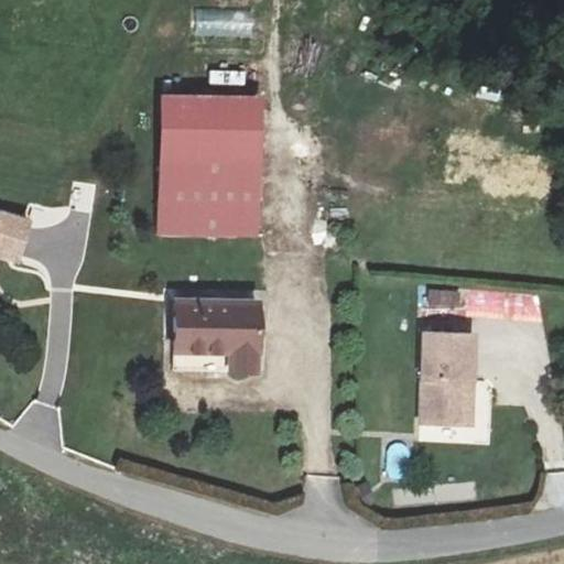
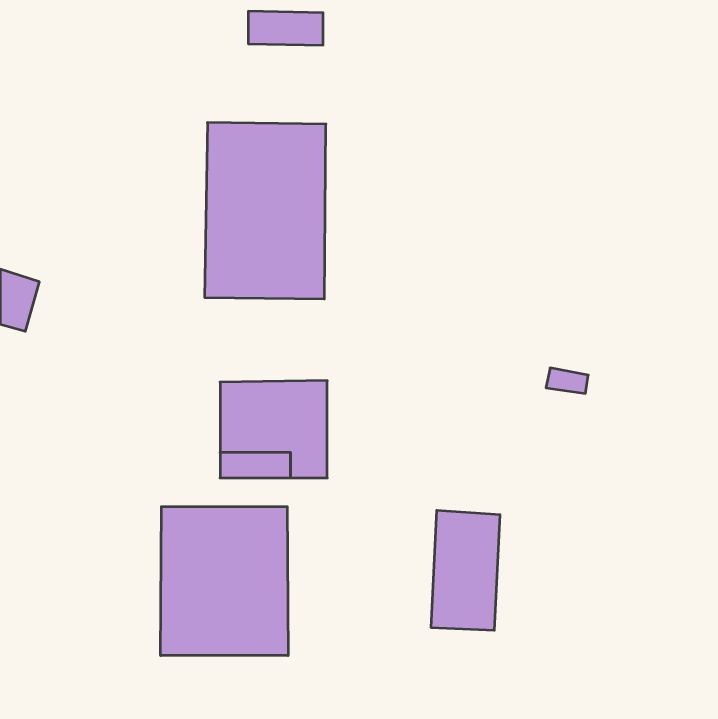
building: [423,332,477,425] -> [431,510,500,630]
building: none -> [161,507,288,656]

